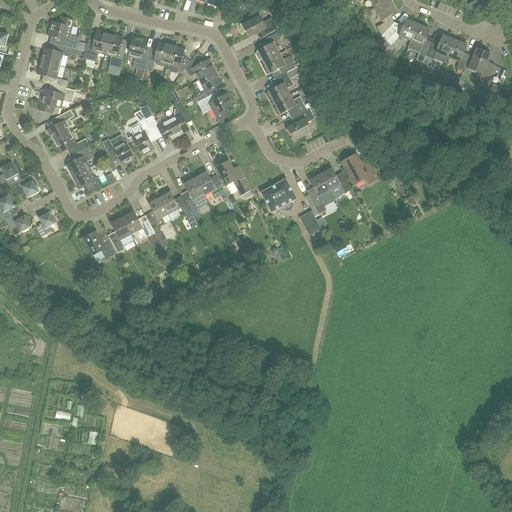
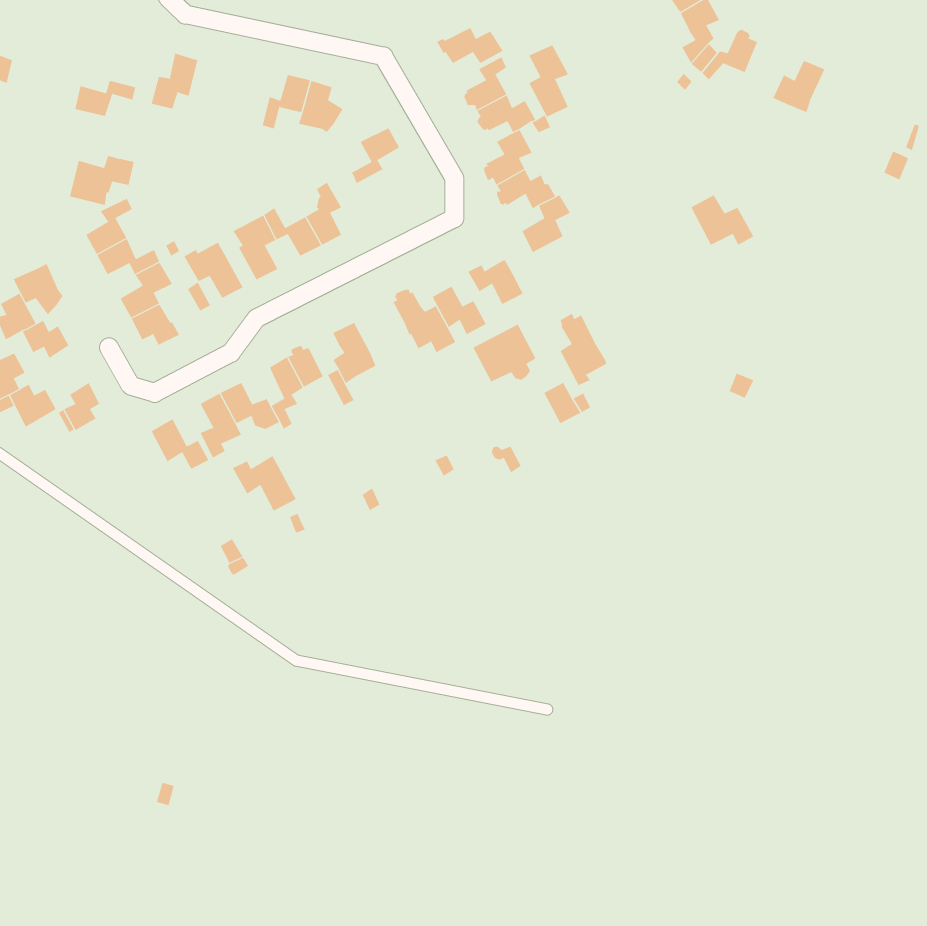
building: [47,16,78,48] -> none
building: [407,23,431,54] -> none
building: none -> [528,45,569,118]
building: [104,33,124,67] -> none
building: [128,35,148,69] -> none
building: [446,38,467,70] -> none
building: [468,47,494,83] -> none
building: [184,55,214,78] -> none
building: [37,60,67,87] -> none
building: [196,92,233,120] -> none
building: none -> [468,259,523,305]
building: none -> [13,263,63,315]
building: [342,154,377,182] -> [691,195,754,246]
building: [320,167,350,197] -> none
building: [195,171,225,198] -> [432,286,487,335]
building: none -> [232,455,296,511]

